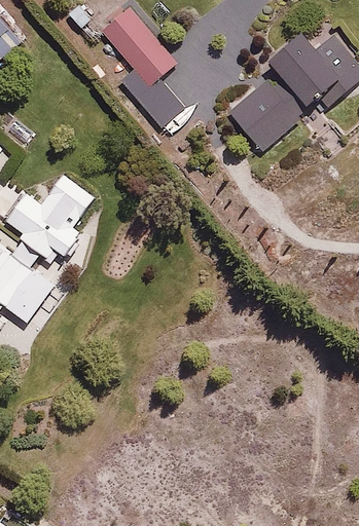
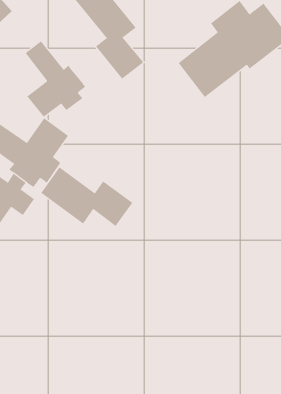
building: none -> [25,40,86,118]
building: none -> [40,167,133,227]

